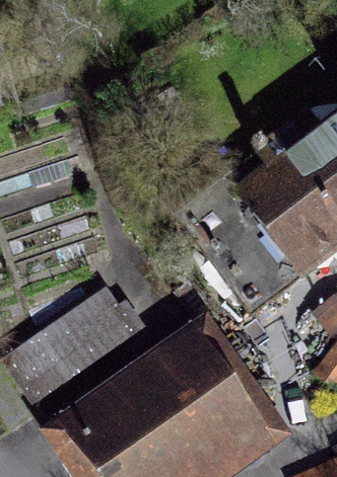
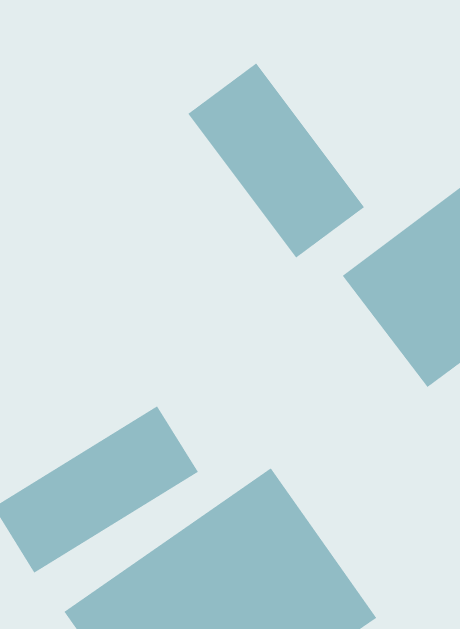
building: none -> [188,63,365,259]

